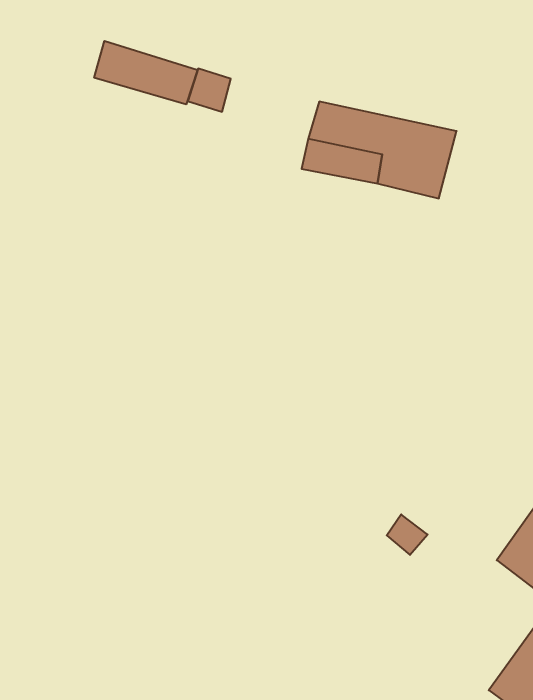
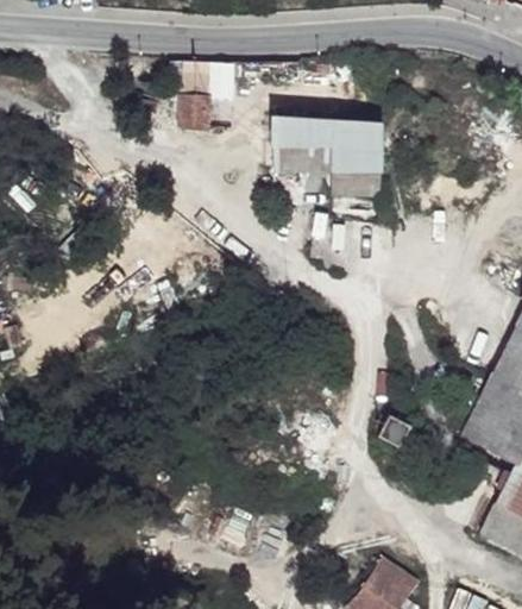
building: [94,41,198,104] -> none
building: none -> [329,167,379,196]

